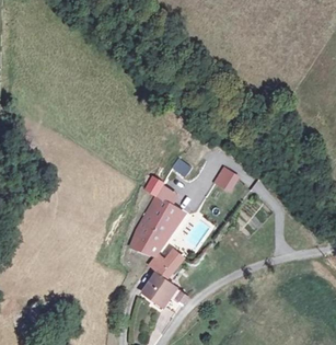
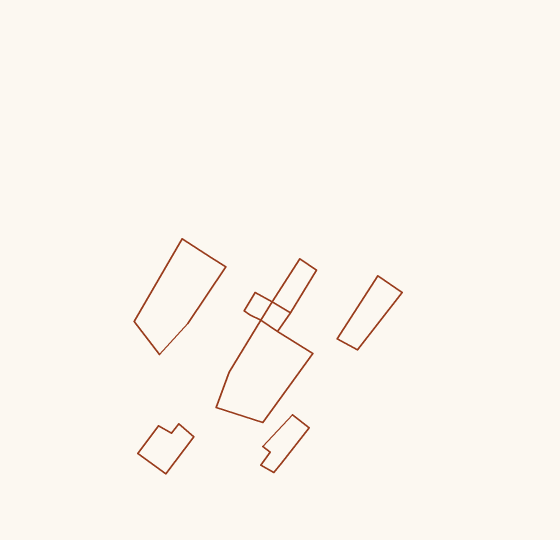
building: none -> [134,239,226,355]
building: [143,278,176,308] -> [138,424,194,474]

